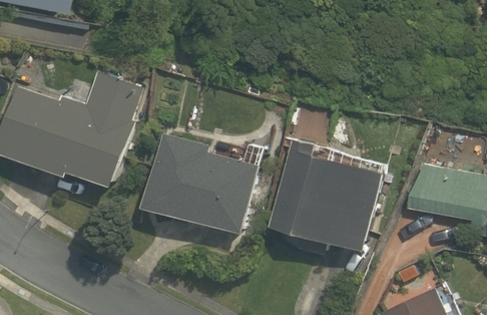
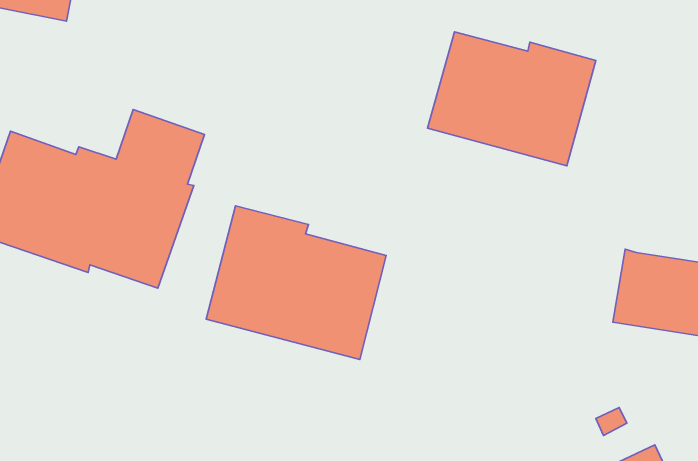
building: none -> [427,32,596,166]
building: [267,139,385,254] -> none

